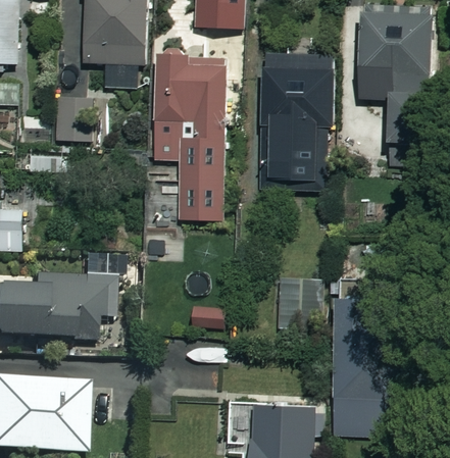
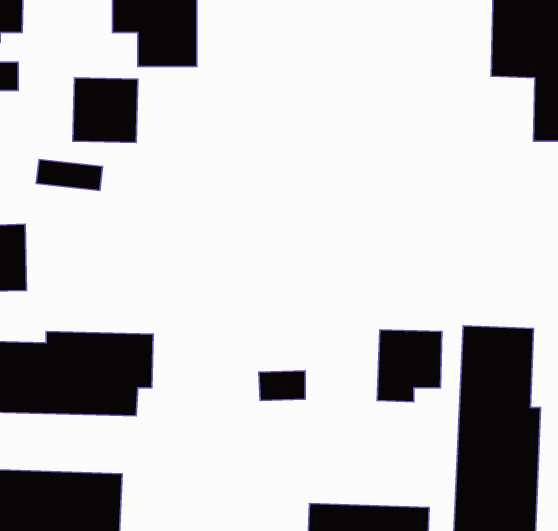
building: [153,52,226,218] -> none
building: [258,52,335,192] -> none

